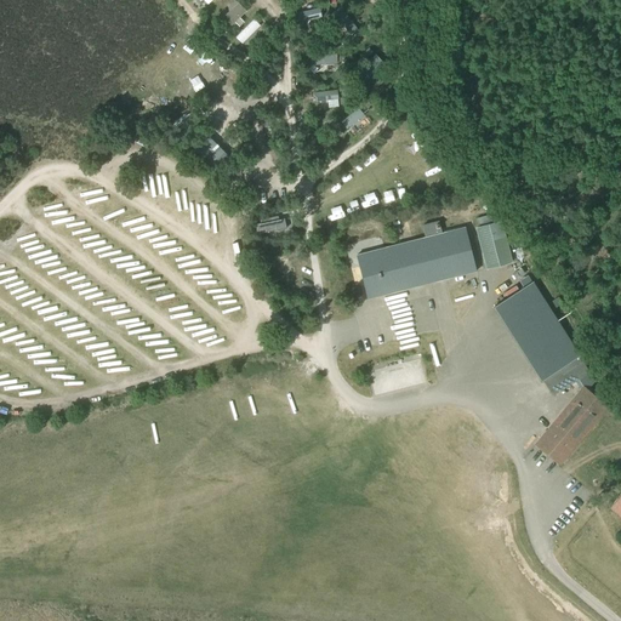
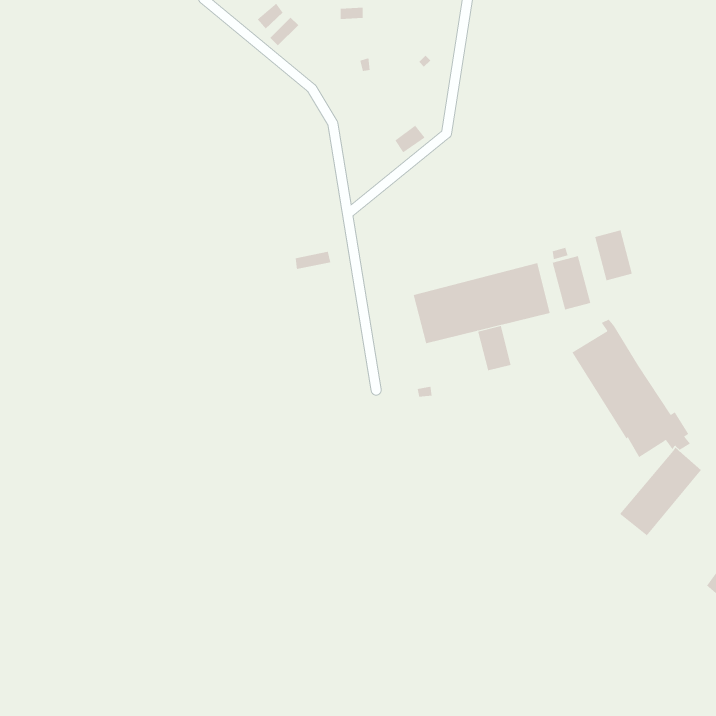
building: none -> [594,230,633,281]
building: none -> [478,325,511,371]

